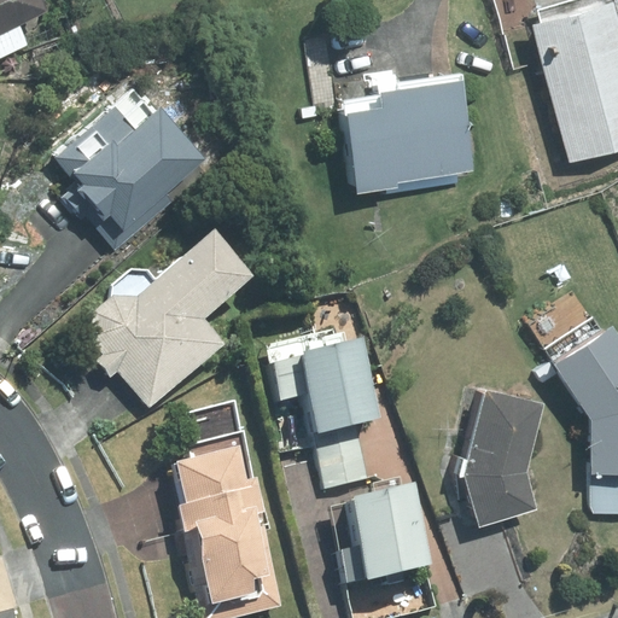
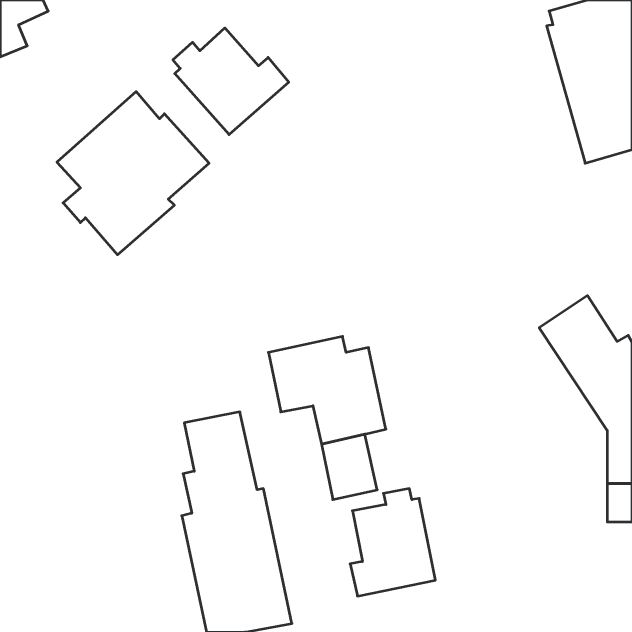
building: none -> [173,28,289,135]
building: [344,70,479,197] -> none
building: [91,229,255,408] -> none
building: [465,390,543,526] -> none

